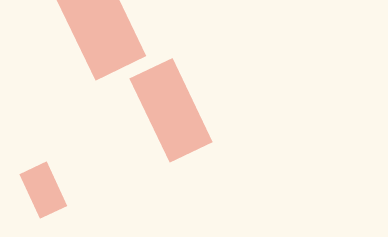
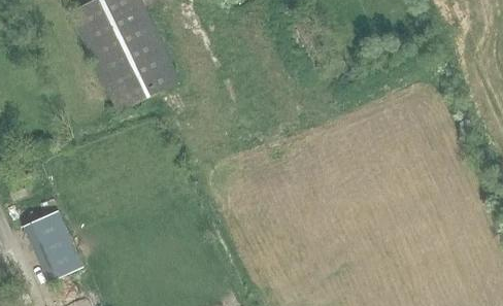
building: [129,57,214,163] -> none

